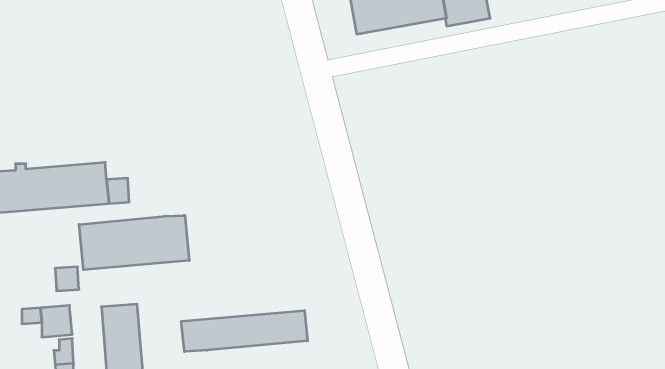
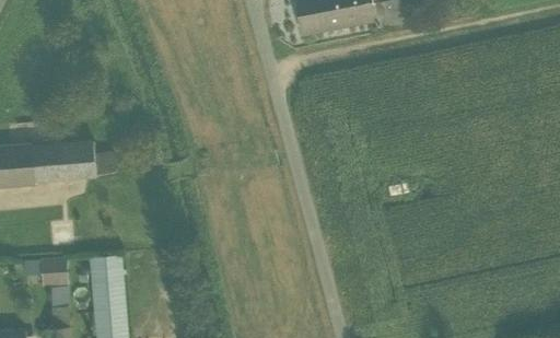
building: [79,215,189,270] -> none
building: [181,311,308,352] -> none

